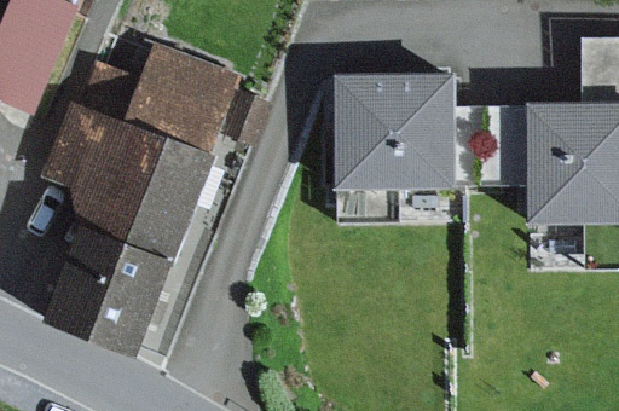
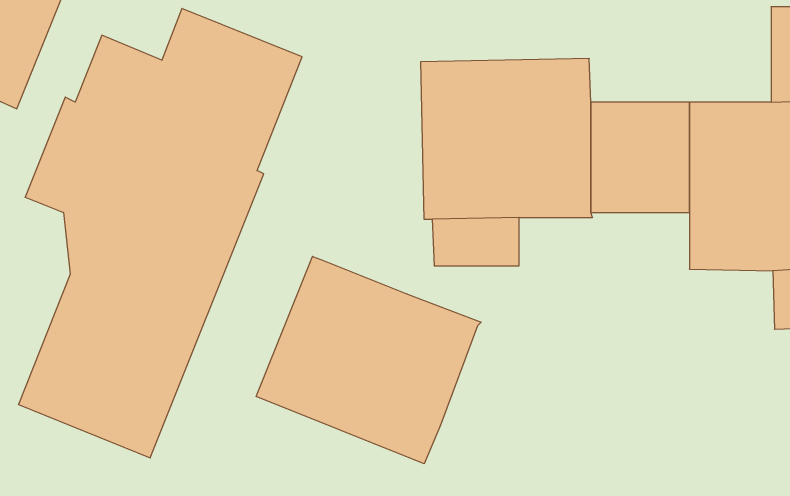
building: none -> [256,256,481,464]

